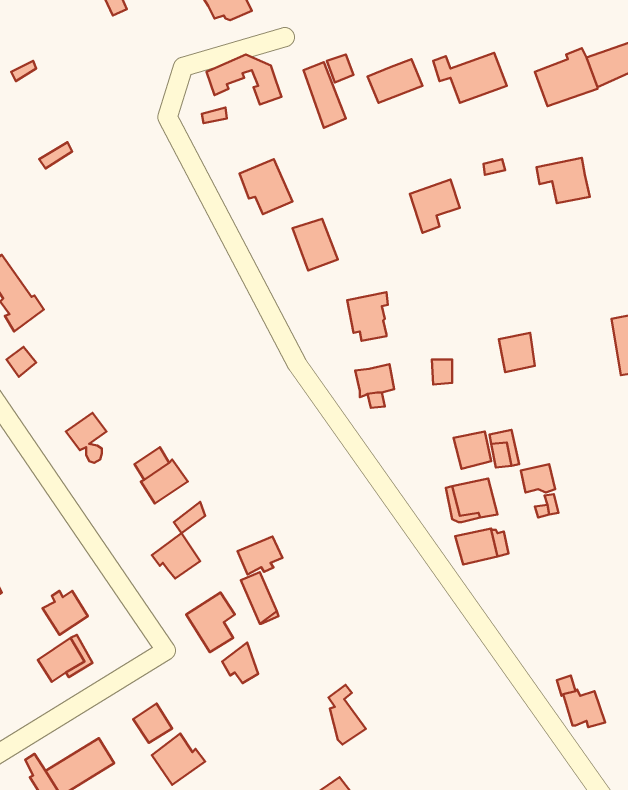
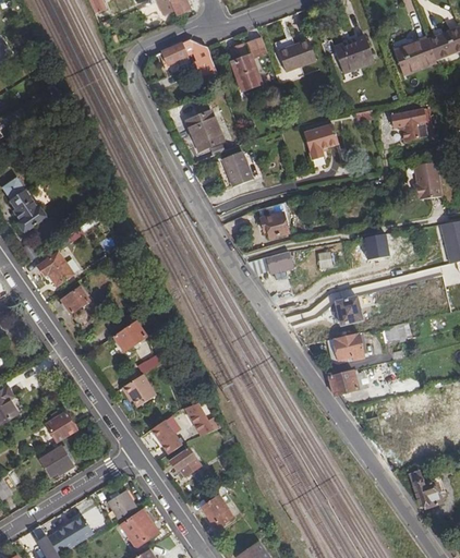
building: none -> [413,165,439,202]
building: none -> [39,252,73,286]
building: [237,536,282,574] -> none
building: [328,685,366,744] -> [203,485,229,526]

